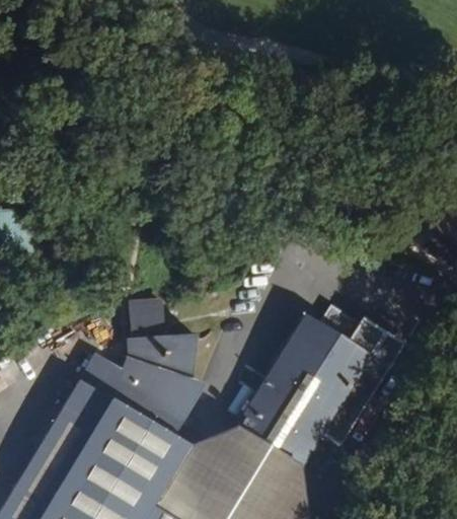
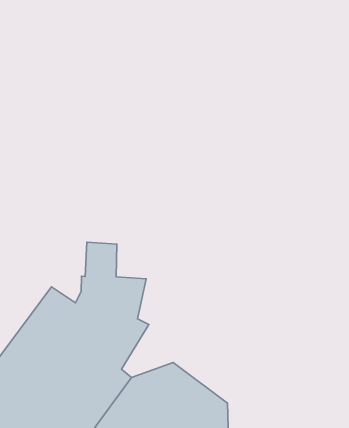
building: [236,315,402,465] -> none

